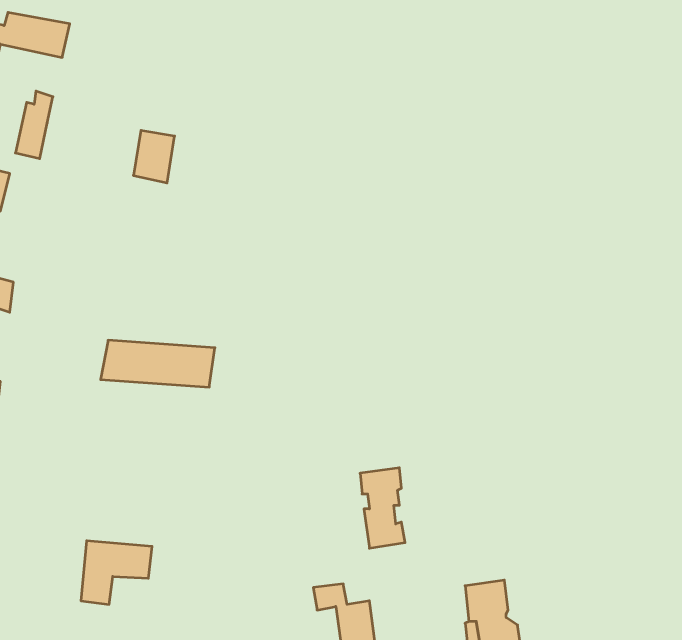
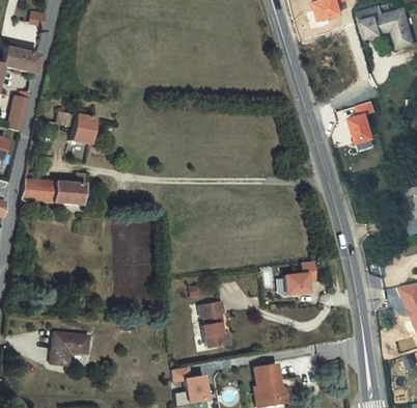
building: none -> [343,104,370,145]
building: [101,340,215,387] -> [24,179,87,205]
building: none -> [286,264,316,295]

